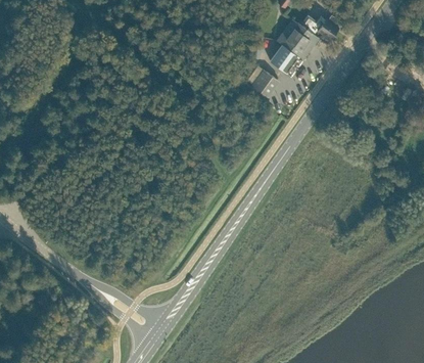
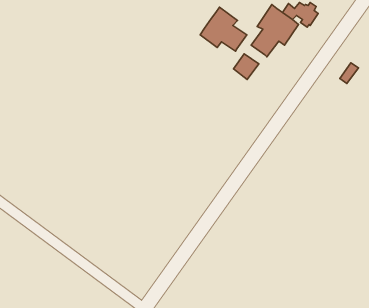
building: none -> [200,7,247,51]

